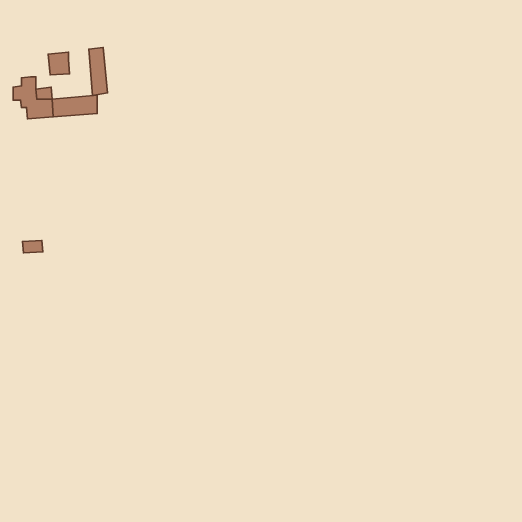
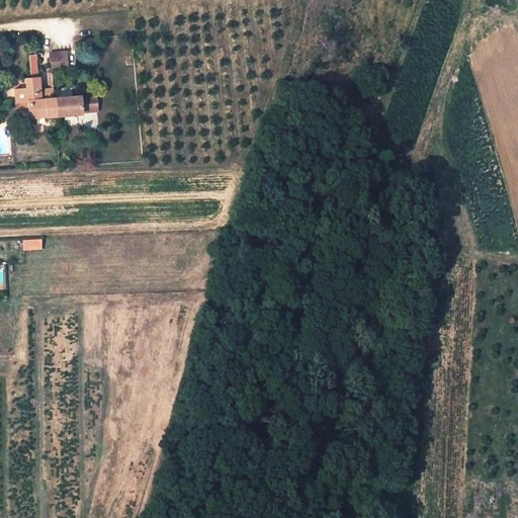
building: [89,48,108,96] -> none

